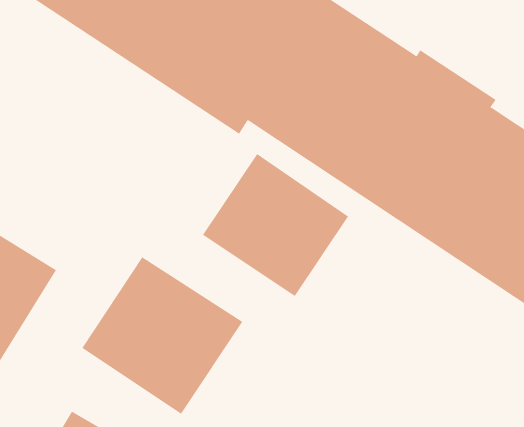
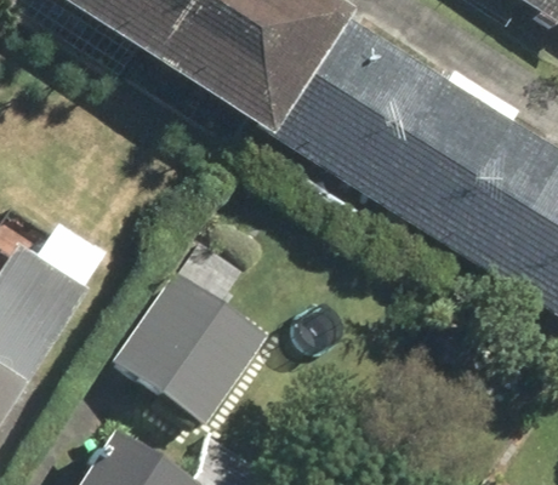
building: [202,153,349,297] -> none

